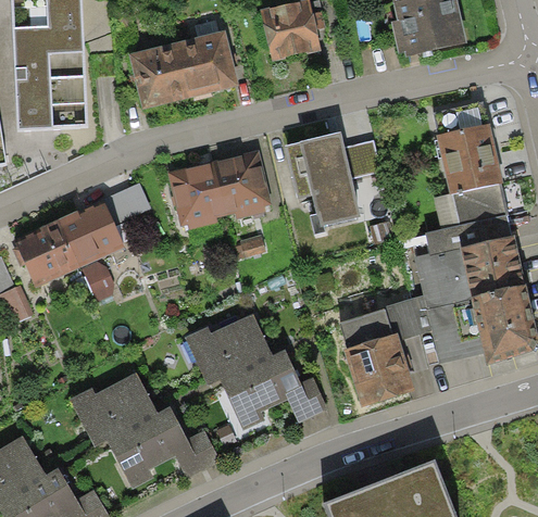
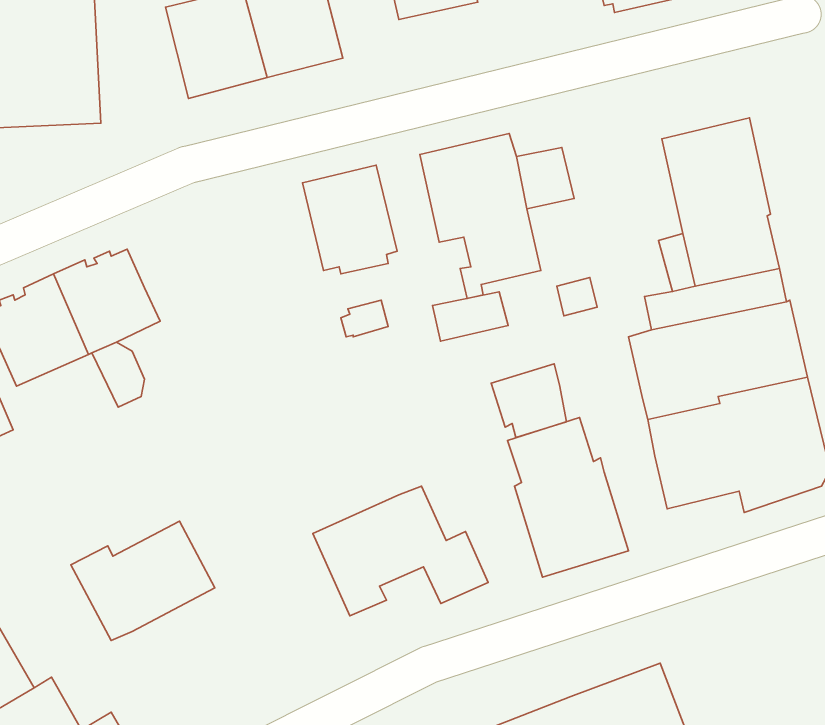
building: [166,162,225,229] -> none
building: [102,182,152,227] -> none
building: none -> [433,292,508,341]
building: [384,295,430,341] -> [491,364,567,438]
building: [184,313,272,386] -> none
building: [107,406,221,489] -> none

